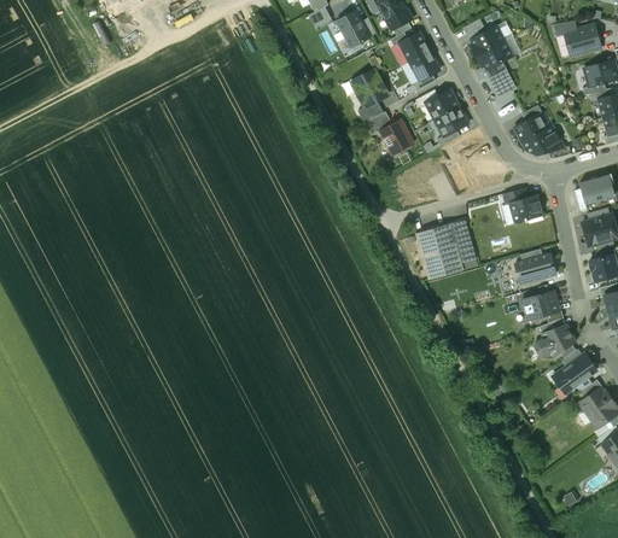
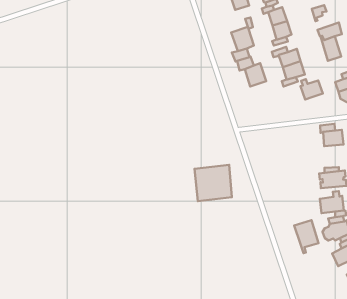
building: [471,27,505,57] -> none
building: none -> [301,79,323,99]
building: [415,220,477,280] -> [194,165,232,201]
building: none -> [294,220,319,253]

